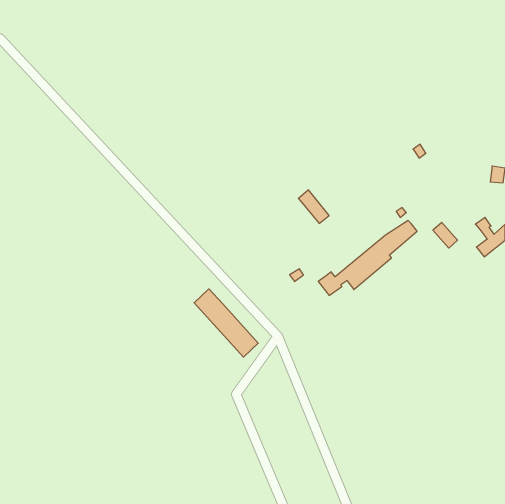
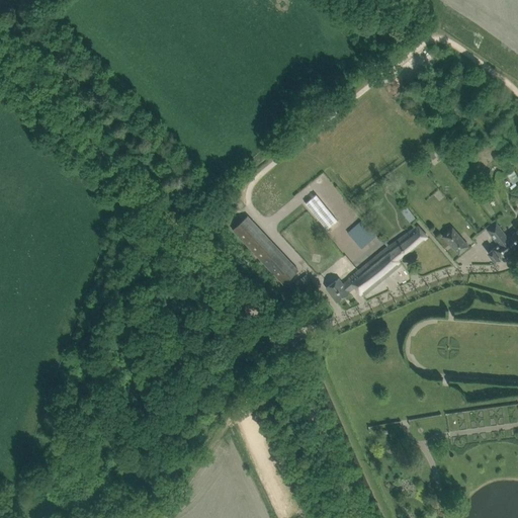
building: none -> [348,221,377,249]
building: [194,289,258,357] -> [233,217,298,286]

